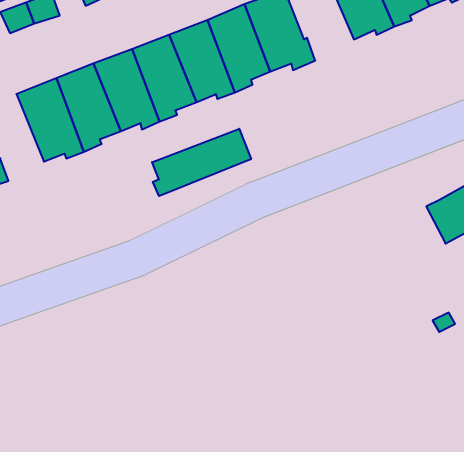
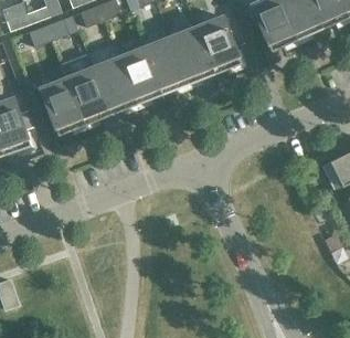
building: [152,129,251,196] -> none

